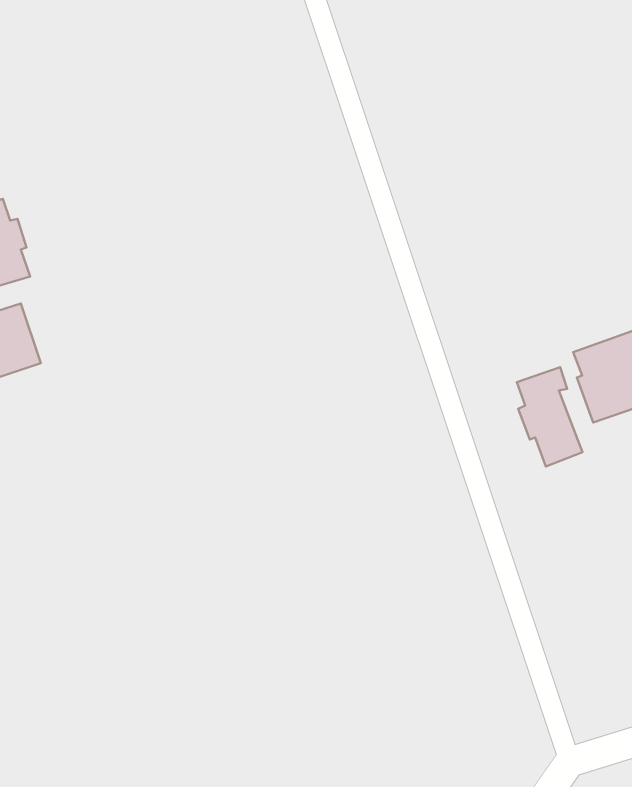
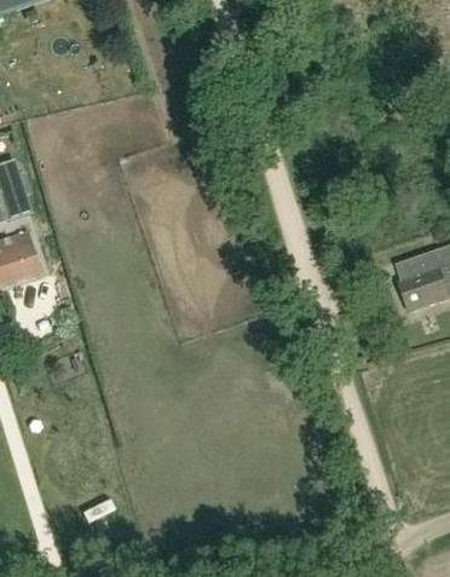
building: [517,367,582,467] -> none

